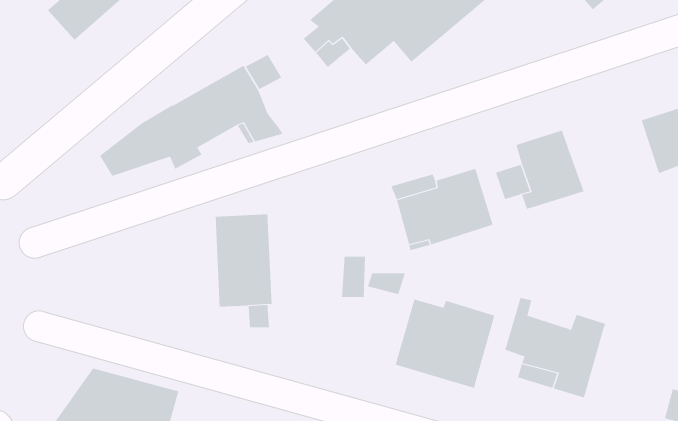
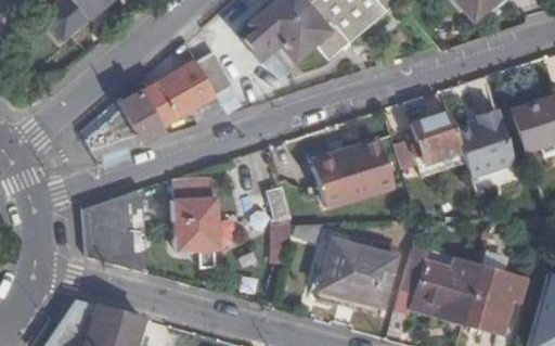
building: none -> [454,104,514,170]
building: none -> [81,190,145,273]
building: none -> [466,267,528,333]

